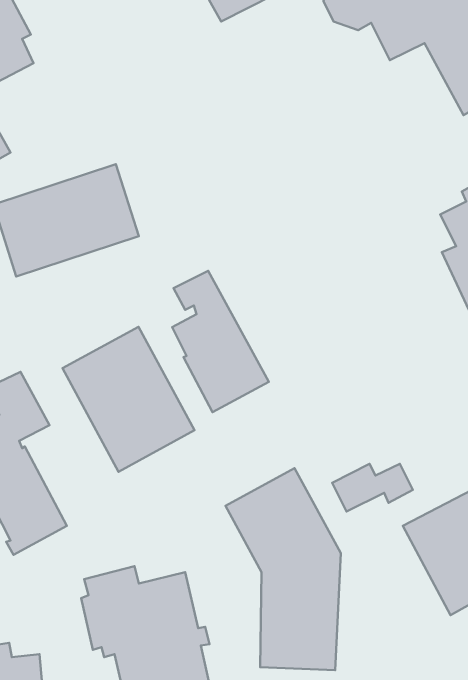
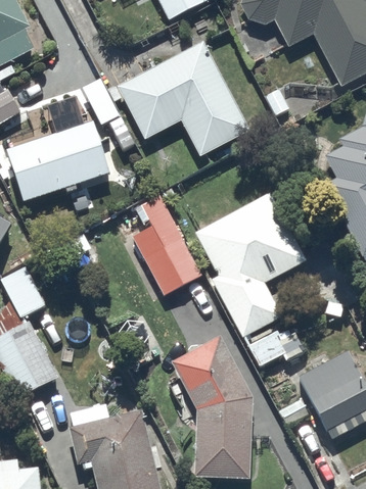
building: none -> [117,42,247,156]
building: none -> [194,192,305,342]
building: [63,327,194,472] -> none

